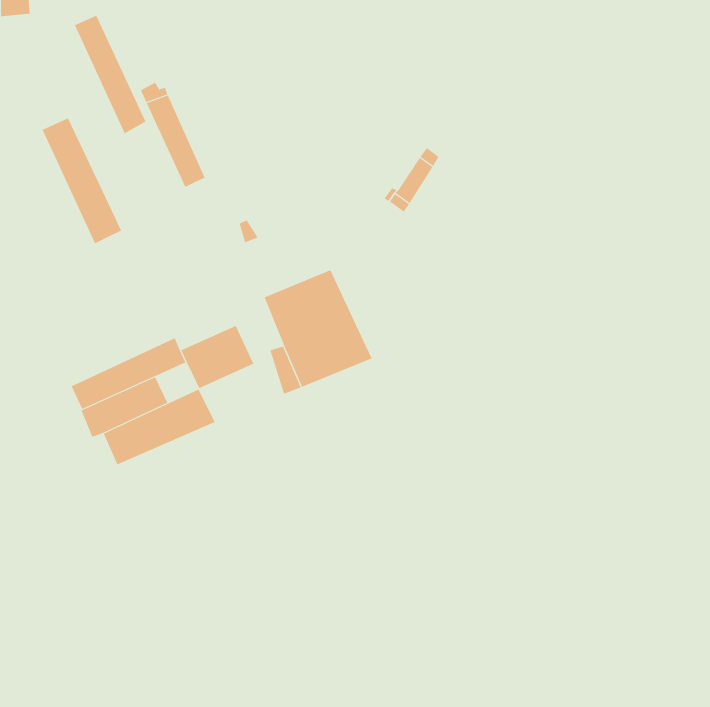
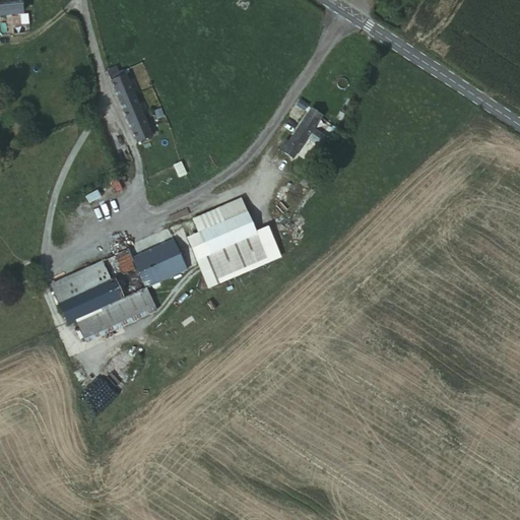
building: [74,15,146,134] -> none
building: [42,117,122,244] -> none
building: none -> [114,265,145,295]

